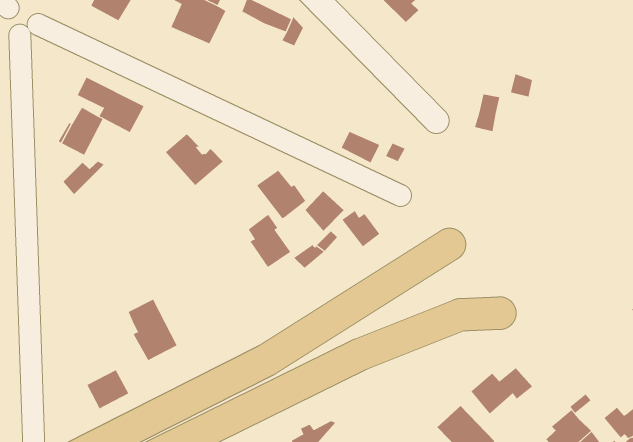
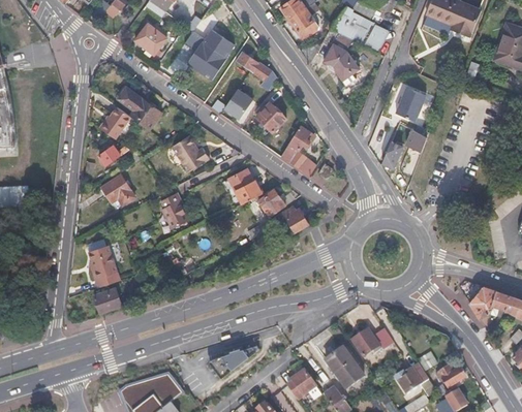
building: none -> [395,87,425,120]
building: none -> [224,89,252,119]
building: none -> [256,102,286,132]
building: none -> [280,125,314,162]
building: none -> [100,173,136,205]
building: [248,214,291,268] -> [161,193,188,229]
building: [128,299,178,361] -> [89,246,119,287]

